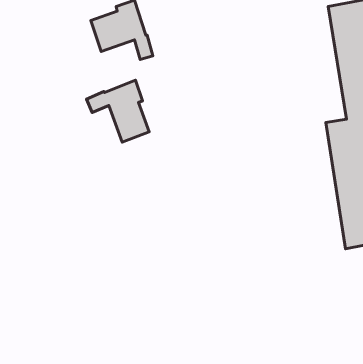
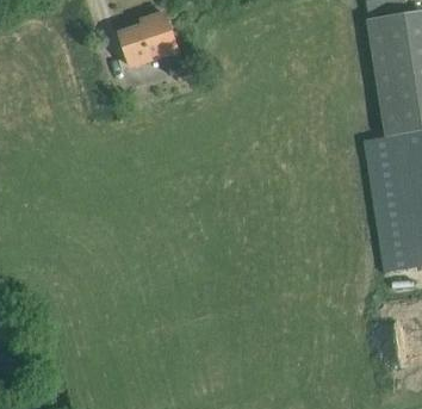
building: [87,80,149,142] -> none

